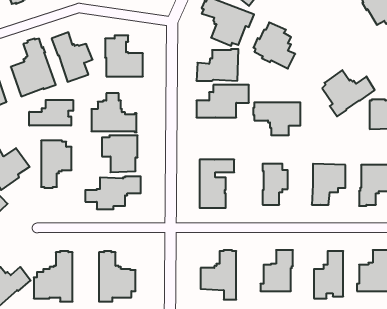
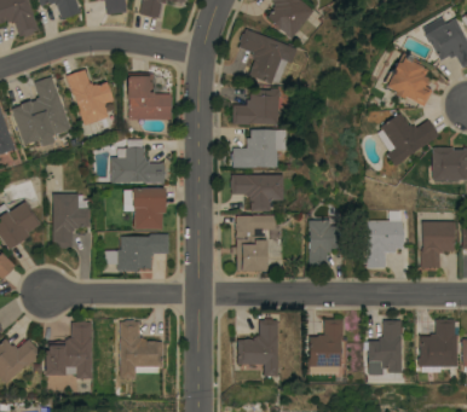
building: [253,22,295,69] -> [384,53,432,106]
building: [29,100,73,126] -> none
building: [253,102,300,135] -> [230,174,284,211]

